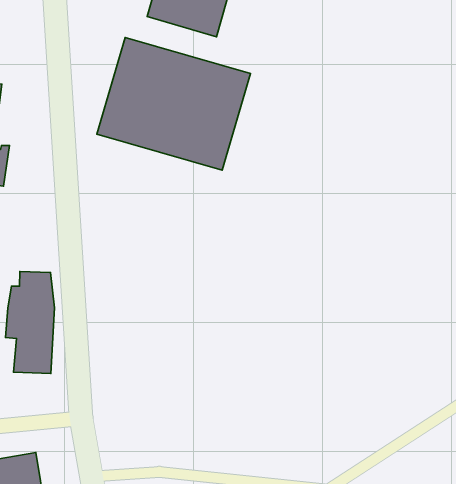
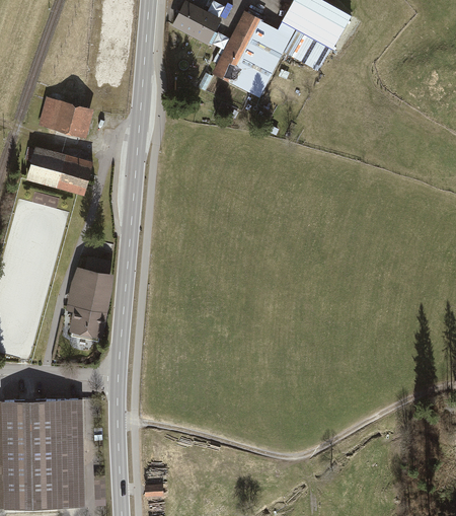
building: [97,37,251,170] -> none

